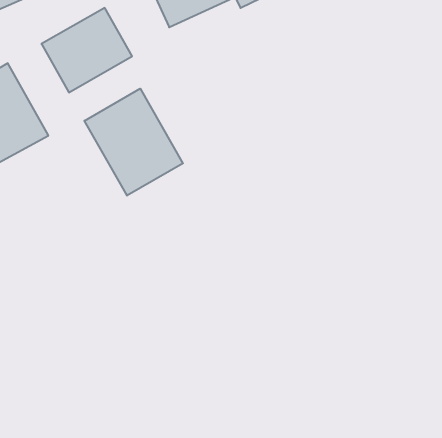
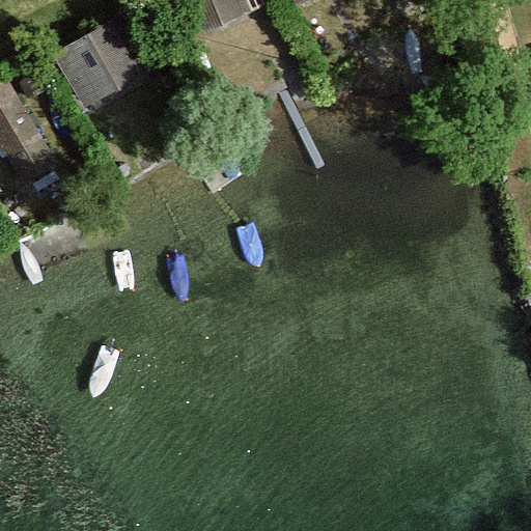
building: [84,89,183,196] -> none

